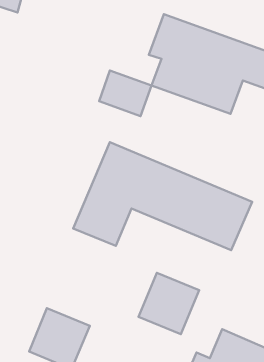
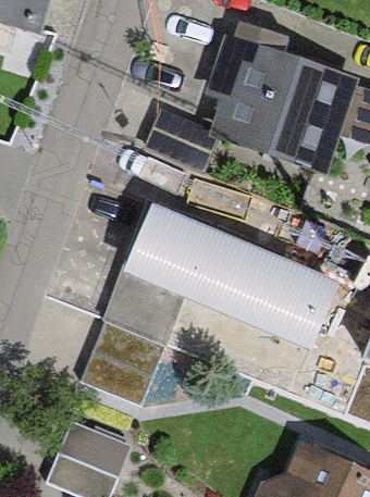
building: [138,273,199,334] -> [84,319,163,399]

